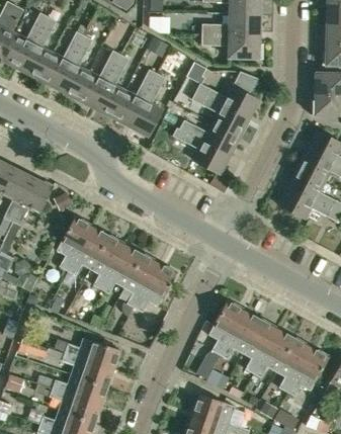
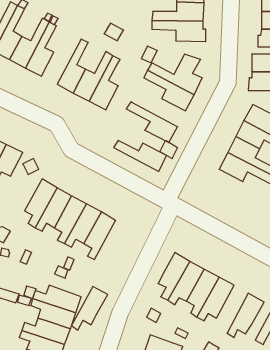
building: [75,52,120,107] -> none
building: [179,120,240,156] -> [114,140,167,171]
building: [136,263,177,313] -> [72,287,108,330]
building: [275,337,312,392] -> none

